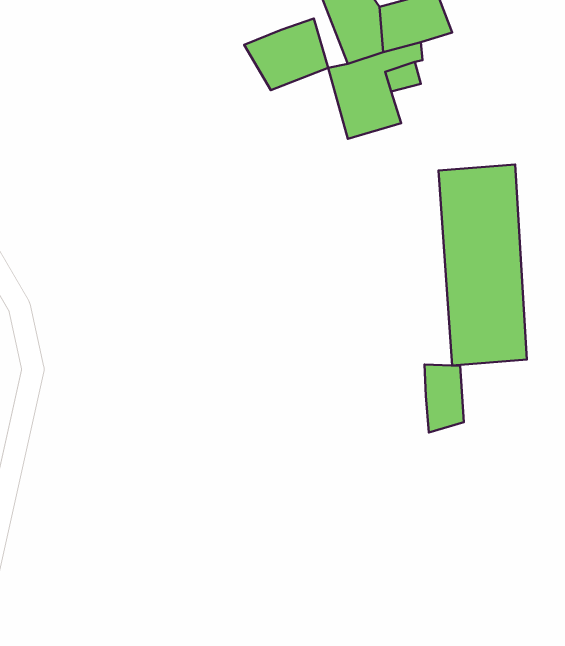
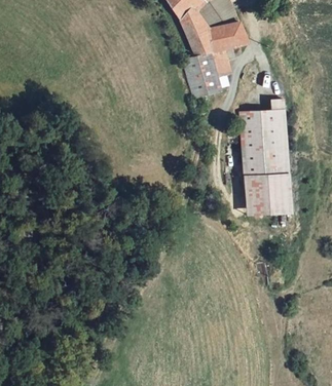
building: [244,19,328,90] -> none
building: [424,364,464,433] -> none

